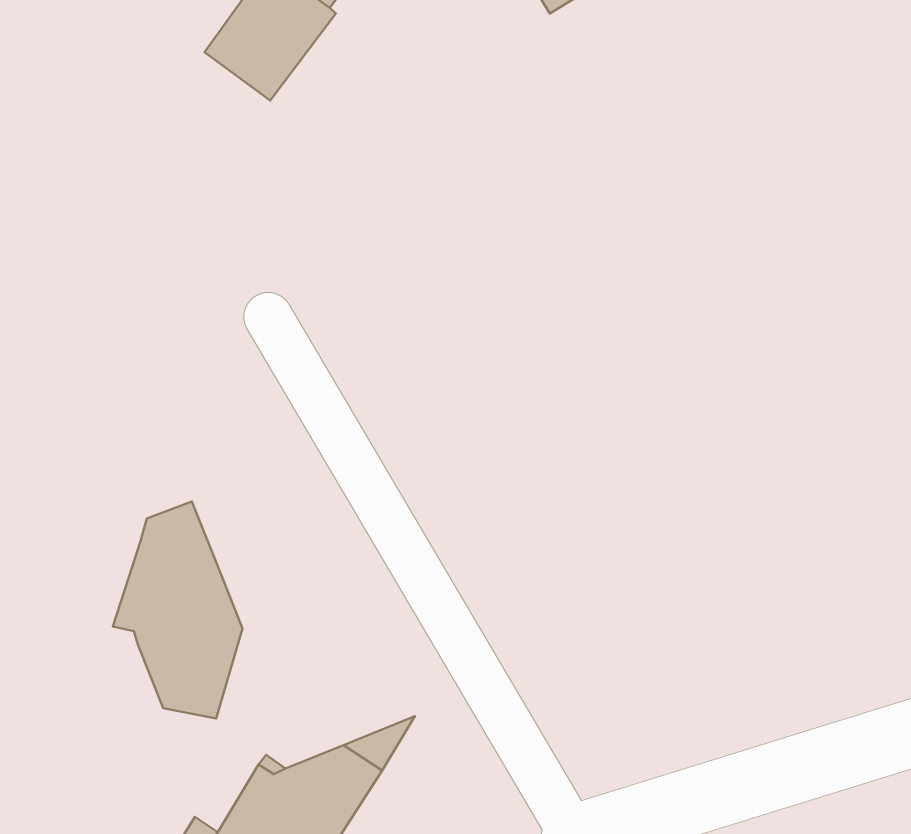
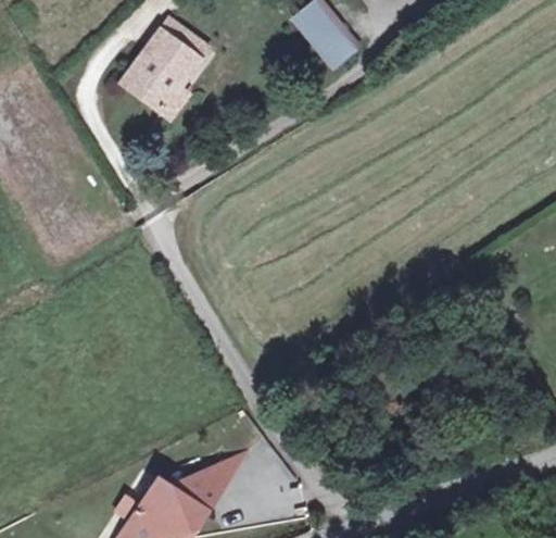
building: [113,501,243,718] -> none

